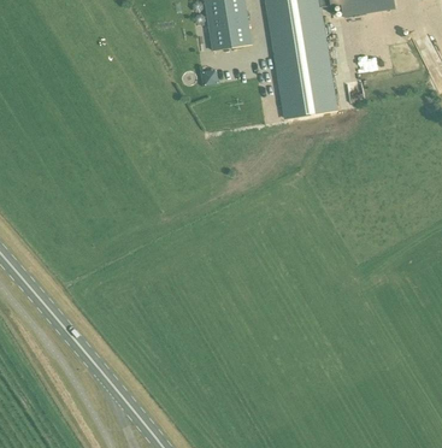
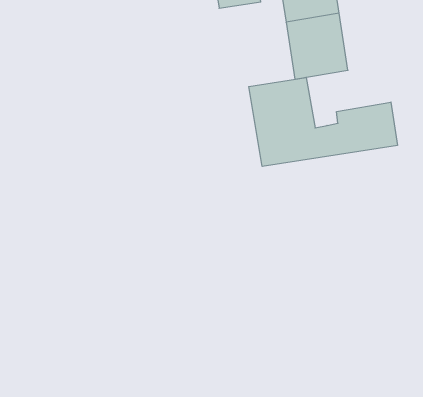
building: none -> [249,77,397,166]

